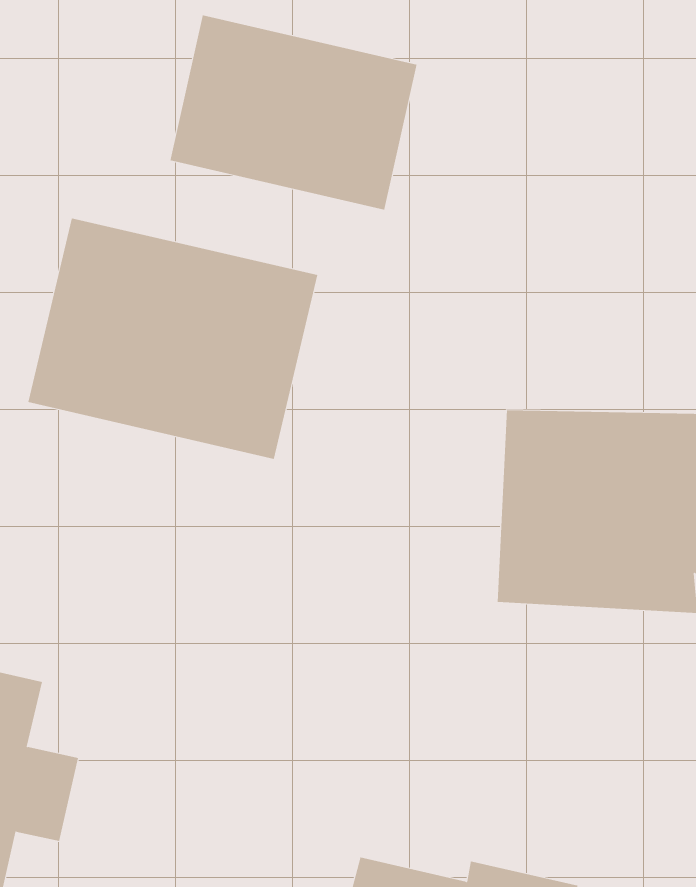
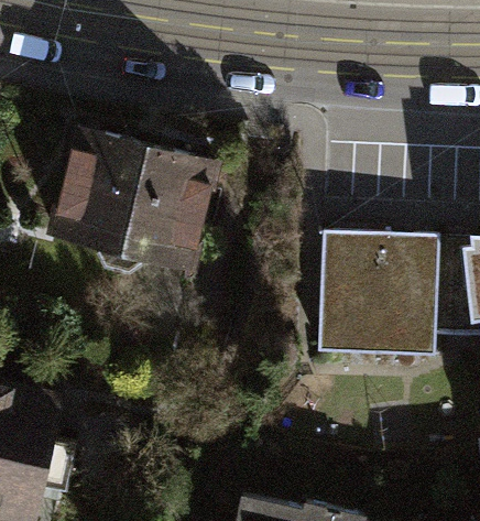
building: [170,14,417,210] -> none

